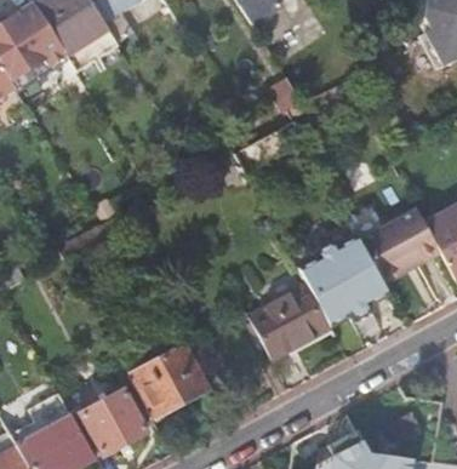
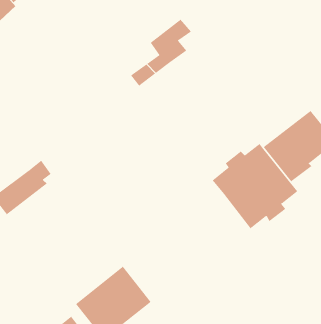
building: [247,282,329,356] -> none

